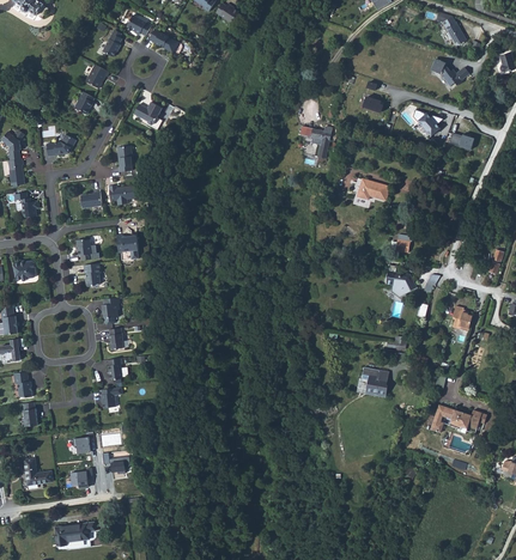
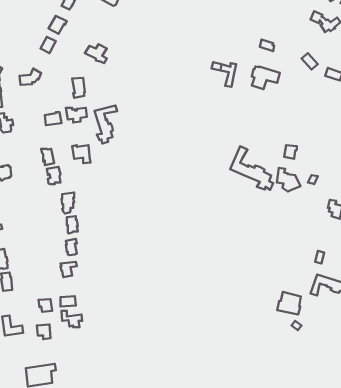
building: [352,178,389,208] -> [252,66,280,89]
building: none -> [95,106,117,143]
building: none -> [230,146,273,190]
building: [357,366,388,396] -> [277,292,301,315]

